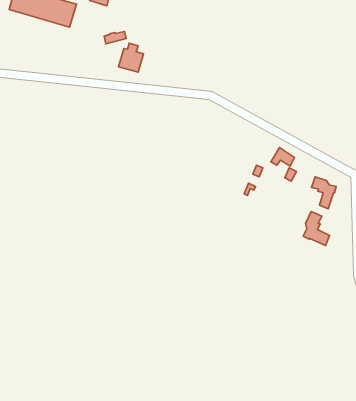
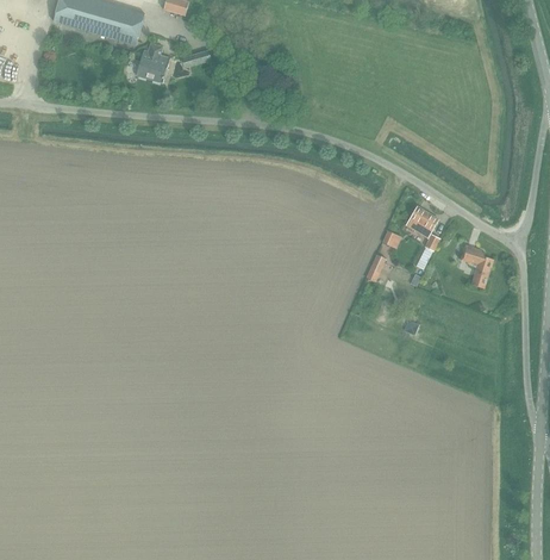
building: [119,43,143,72] -> [136,42,169,81]
building: [303,211,329,246] -> none

